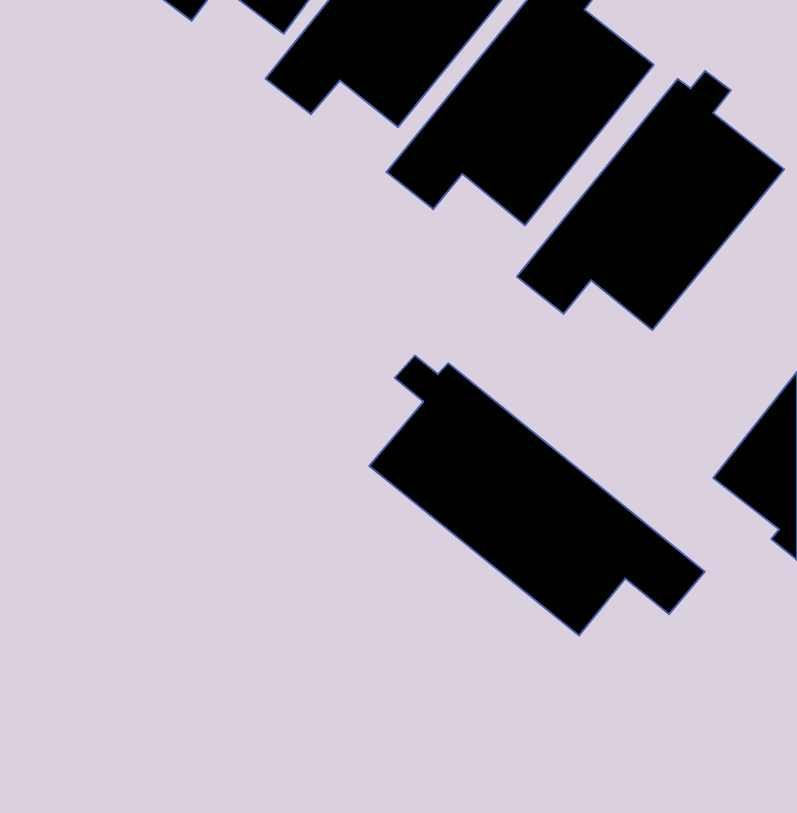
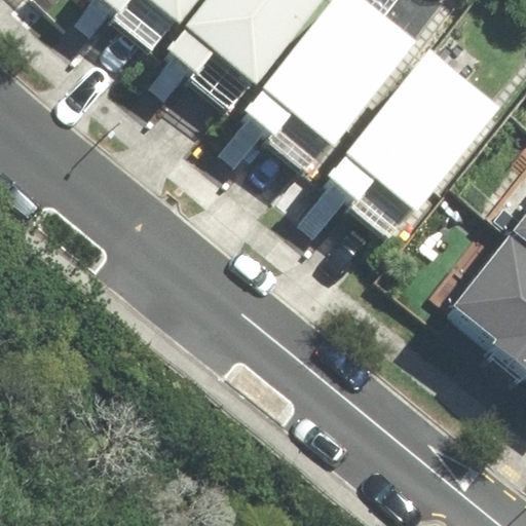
building: [369,356,705,636] -> none

